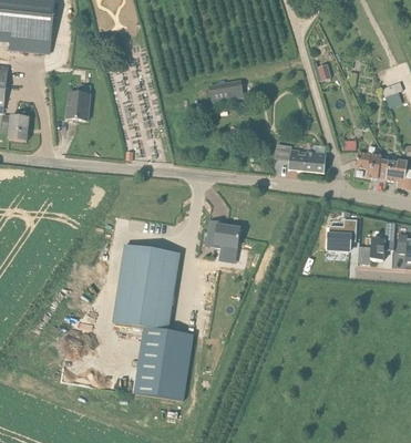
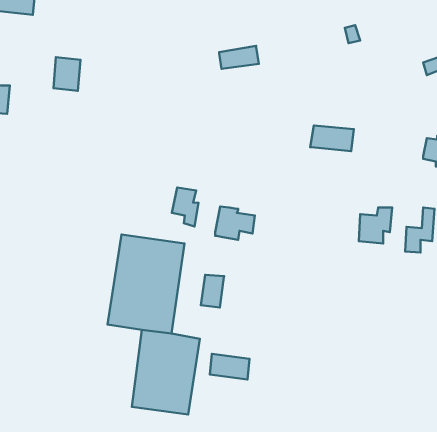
building: [356,151,389,177] -> none
building: none -> [172,187,198,226]
building: none -> [201,275,224,307]
building: none -> [210,354,250,380]

